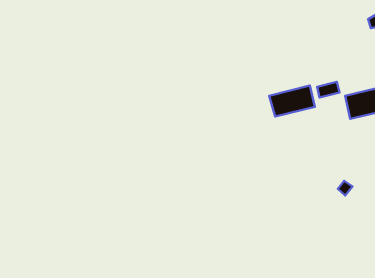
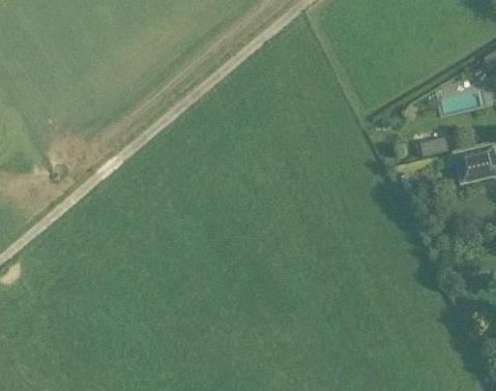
building: [269,86,315,117] -> none

